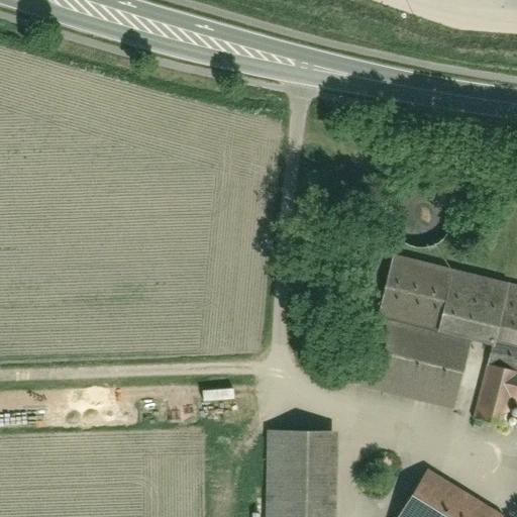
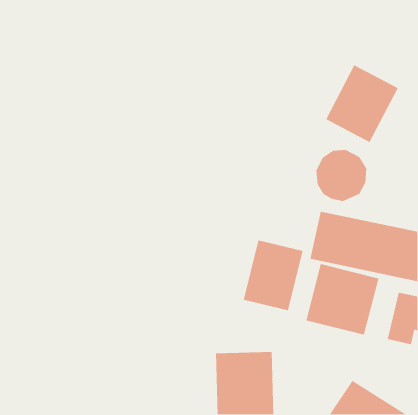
building: none -> [325,64,399,143]
building: none -> [243,240,304,311]

